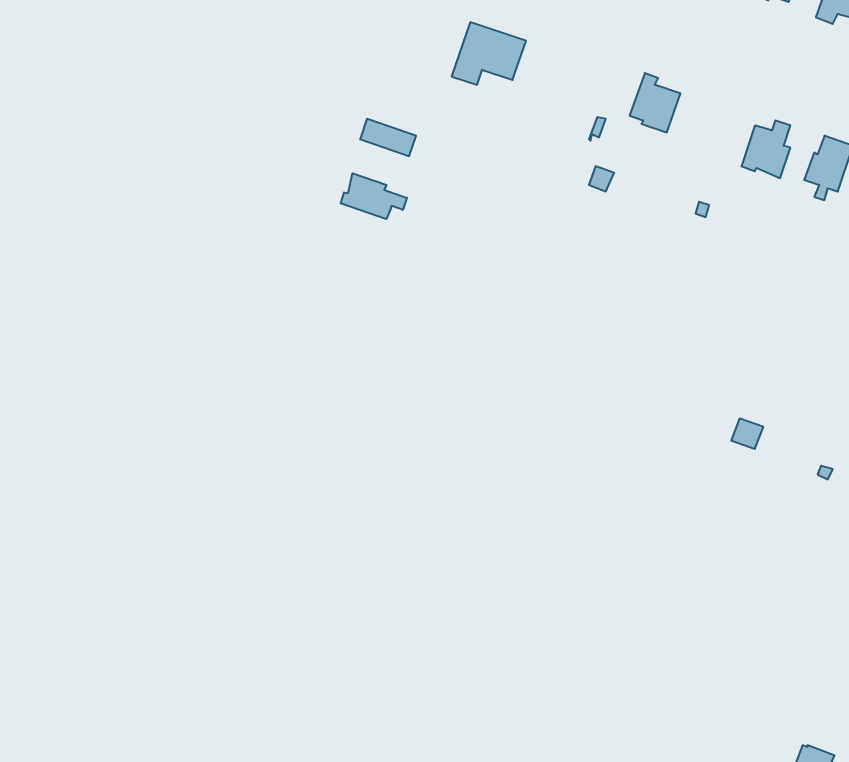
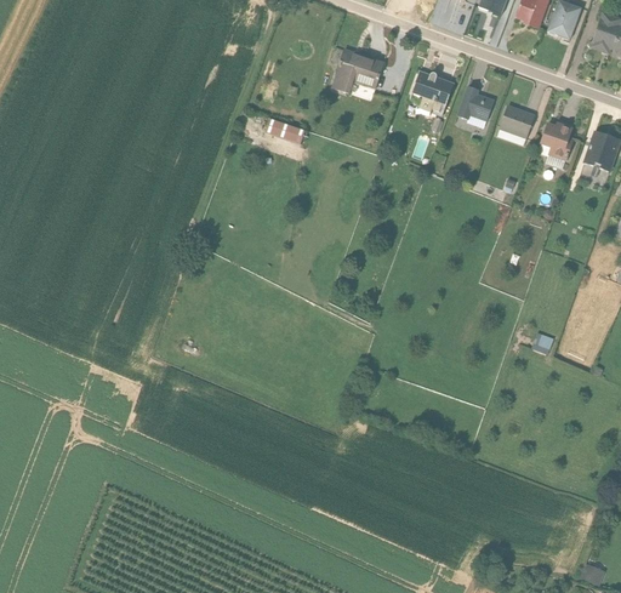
building: none -> [412,70,454,114]
building: none -> [497,104,536,143]
building: [341,173,407,219] -> none

